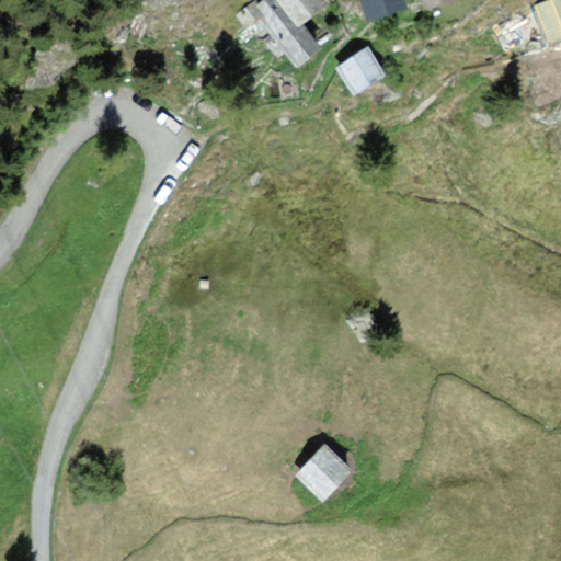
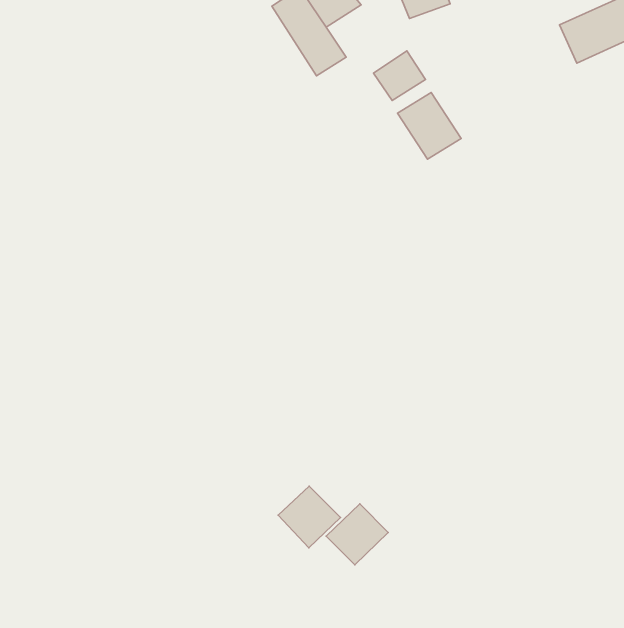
building: none -> [398,92,461,159]
building: none -> [278,486,340,548]

